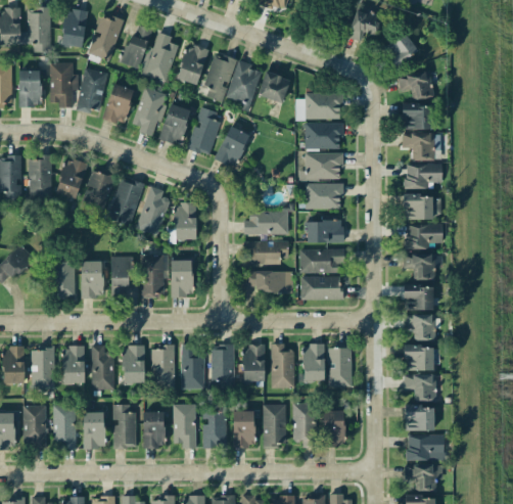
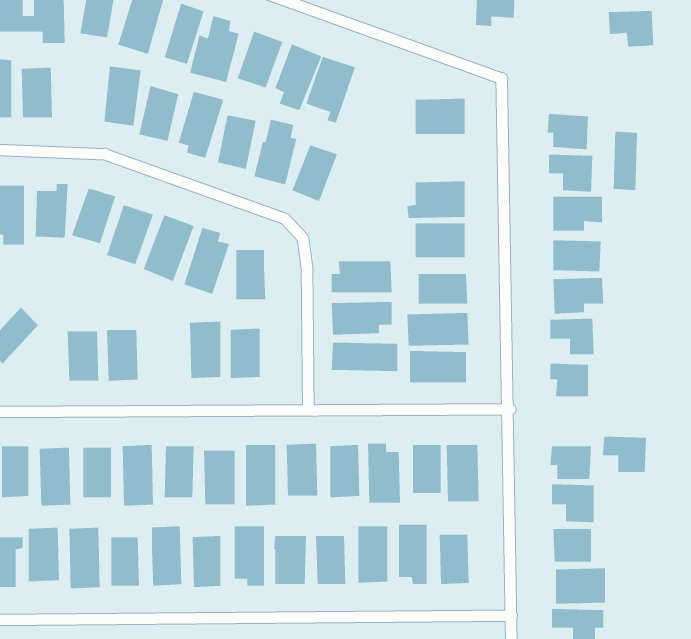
building: [381,32,420,70] -> none
building: [50,62,79,107] -> none
building: [259,72,290,102] -> none
building: [399,73,432,99] -> [608,11,654,47]
building: none -> [613,131,638,191]
building: [306,123,342,149] -> none
building: [111,256,130,292] -> none
building: [404,314,436,340] -> [602,436,647,473]

